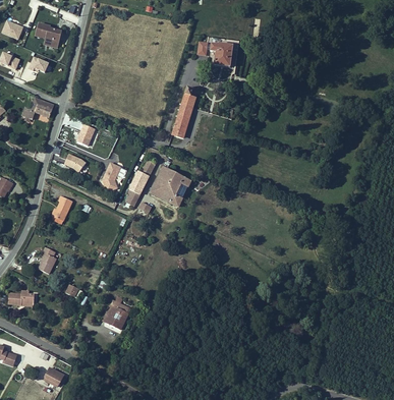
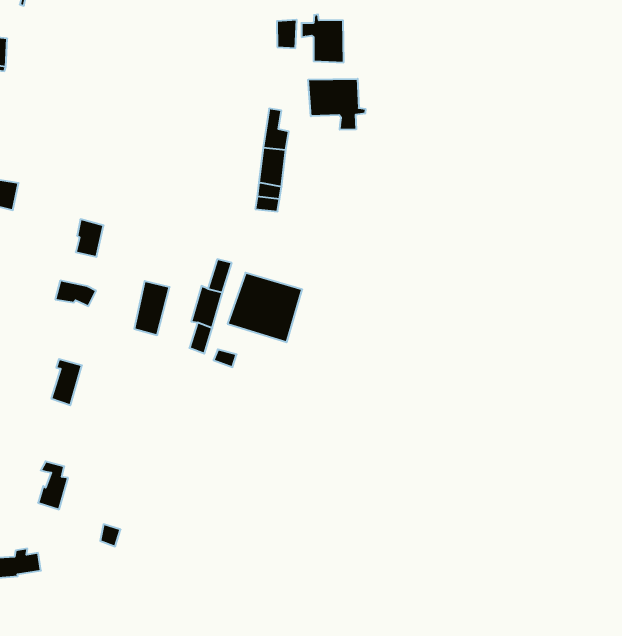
building: none -> [308,79,366,130]
building: [100,302,129,329] -> none

